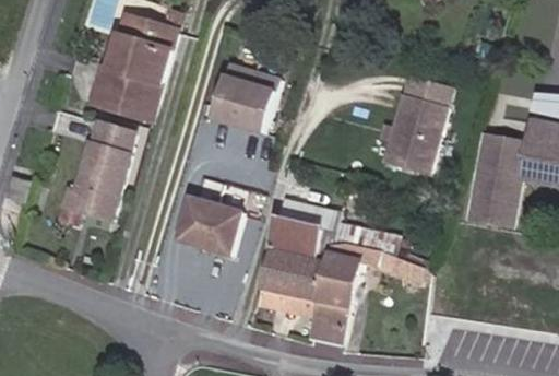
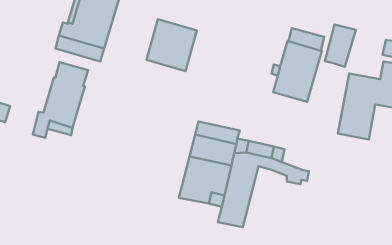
building: none -> [325,25,356,67]
building: [178,197,242,255] -> none

